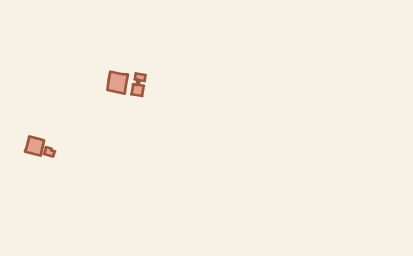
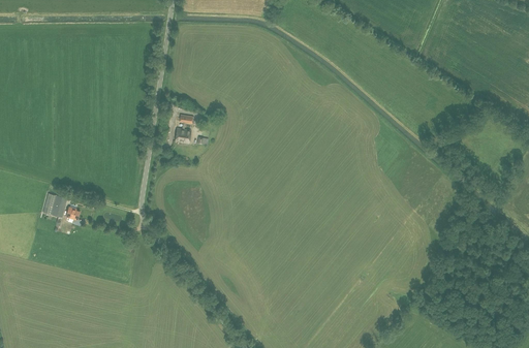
building: [108,72,128,94] -> none

